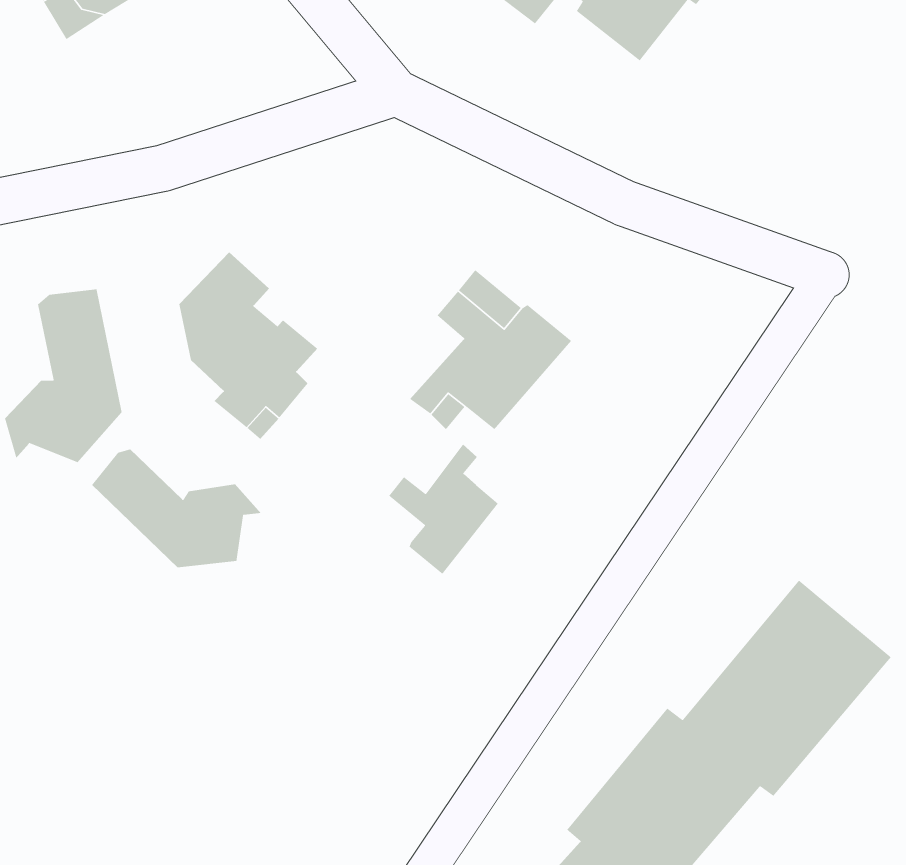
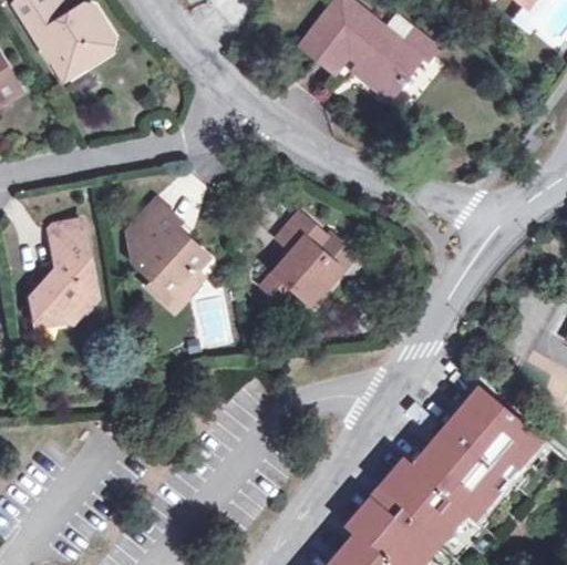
building: [388,443,499,575] -> none
building: [91,448,262,568] -> none

